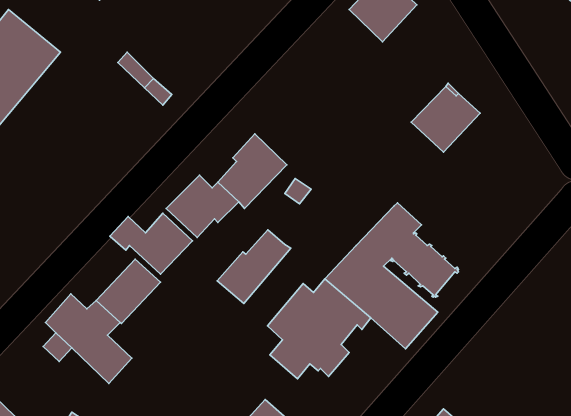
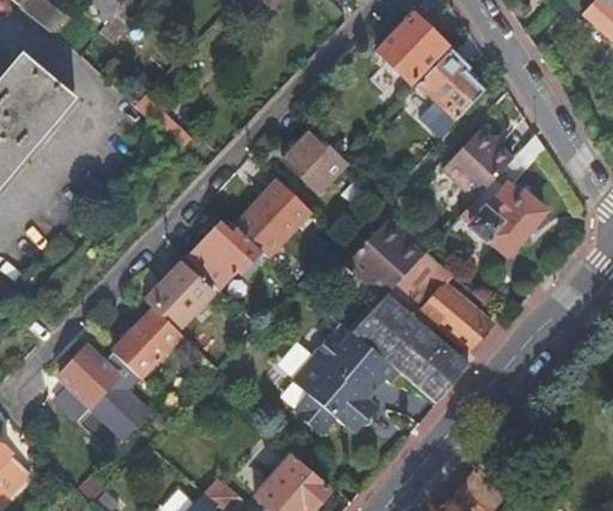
building: none -> [418,49,484,120]
building: none -> [284,129,347,193]
building: none -> [461,134,546,255]
building: none -> [346,219,424,296]
building: [217,230,291,304] -> none

